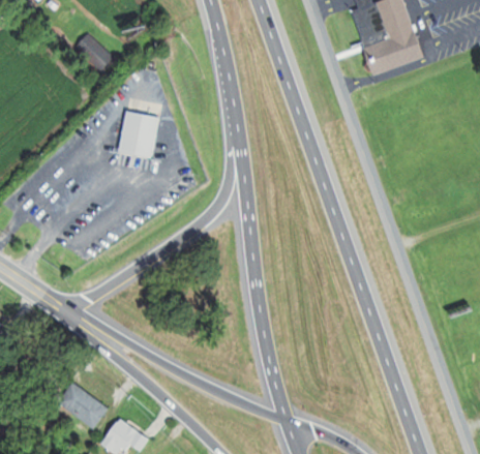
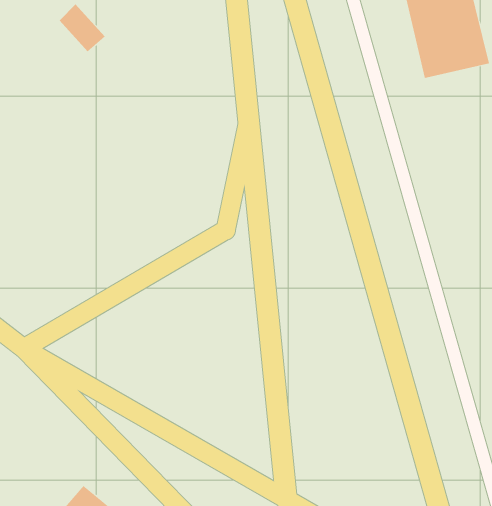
building: [118,112,157,159] -> none
building: [56,382,108,429] -> none

